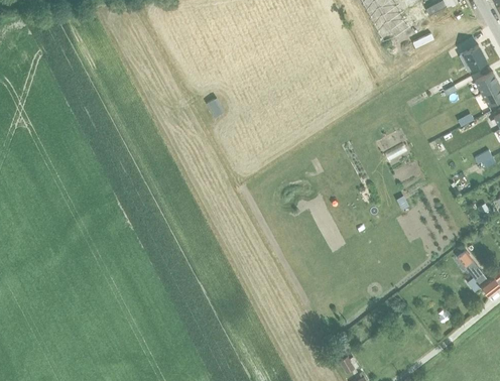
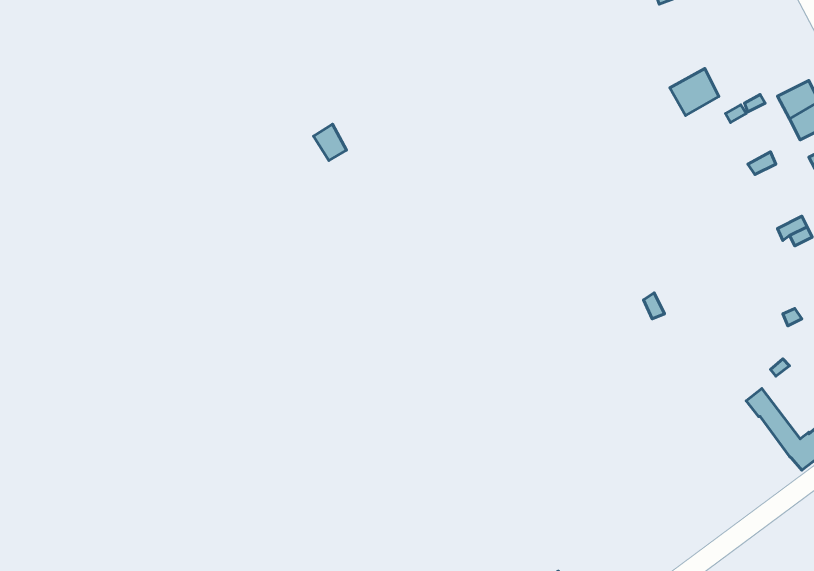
building: [459,44,487,72] -> [670,69,719,116]

